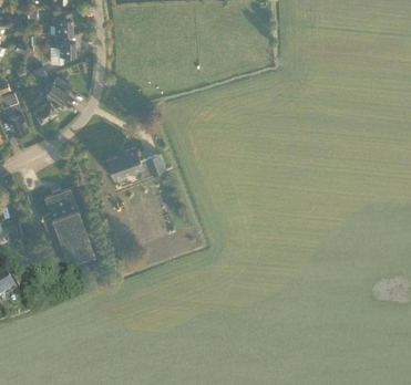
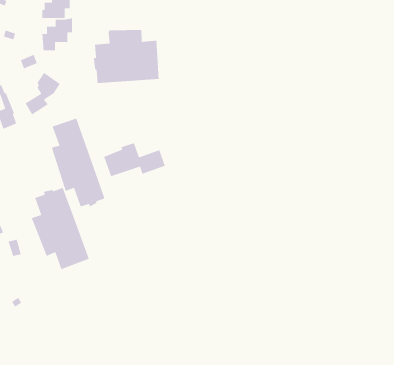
building: none -> [93,29,160,84]
building: none -> [51,118,106,208]

